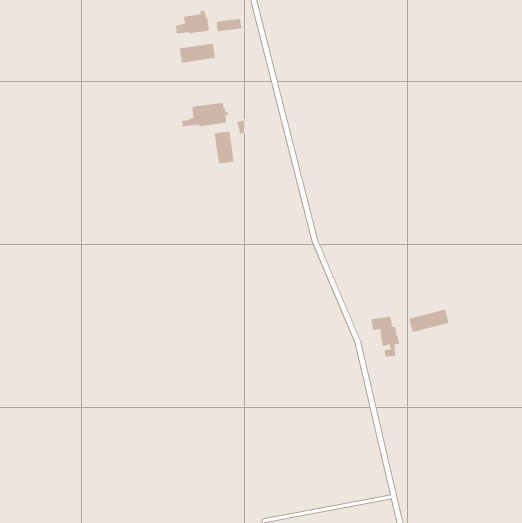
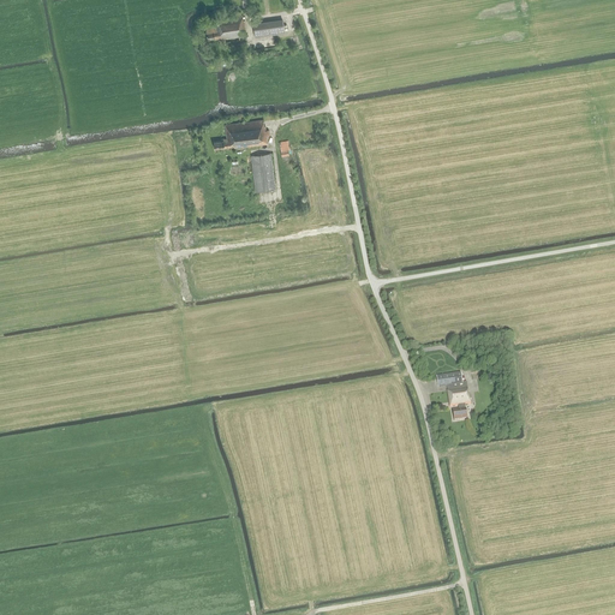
building: [179,43,215,63] -> none
building: [409,309,449,333] -> none

